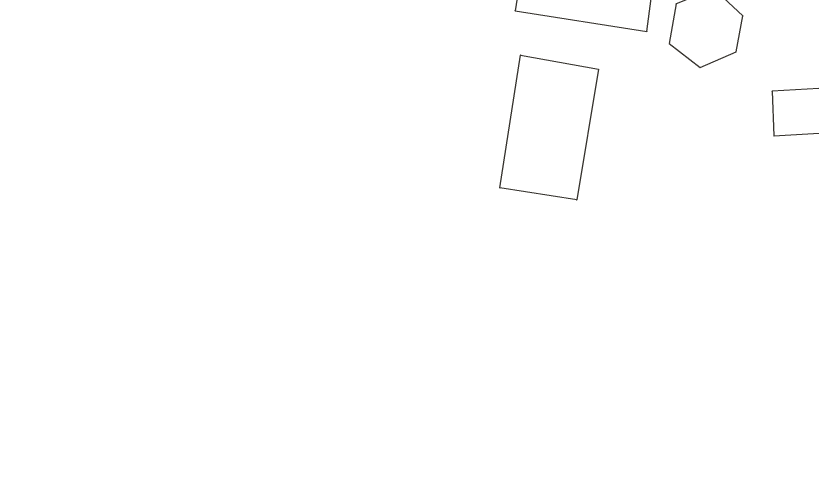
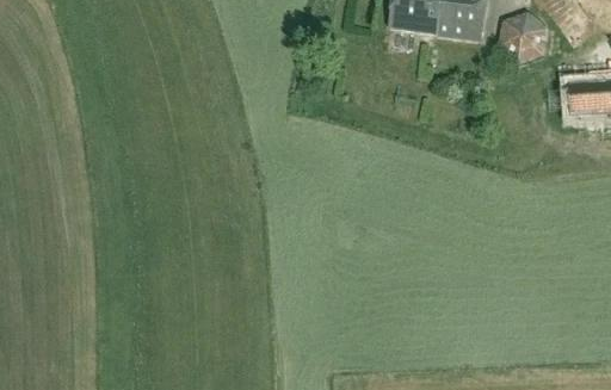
building: [500,55,598,200] -> none

